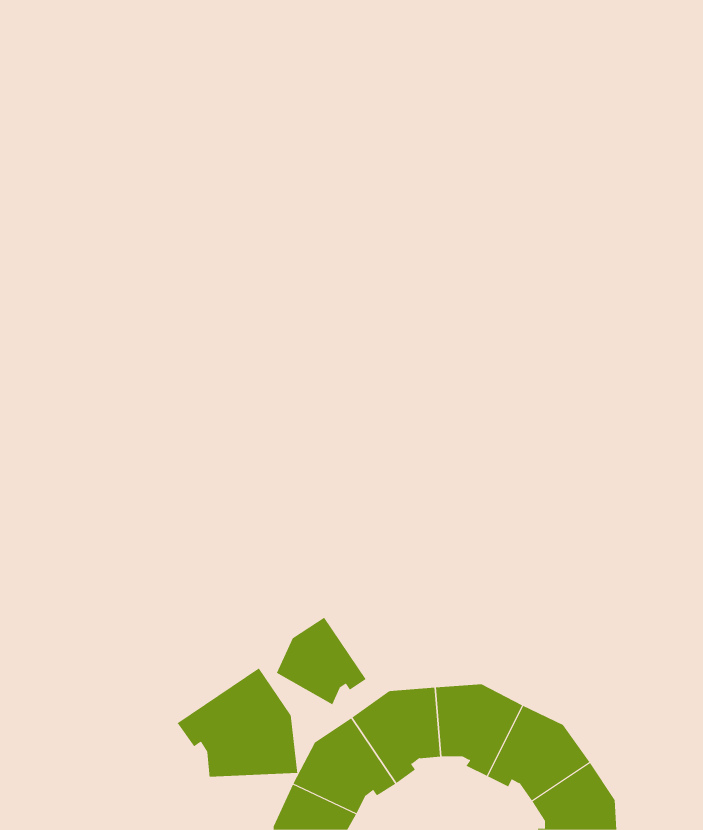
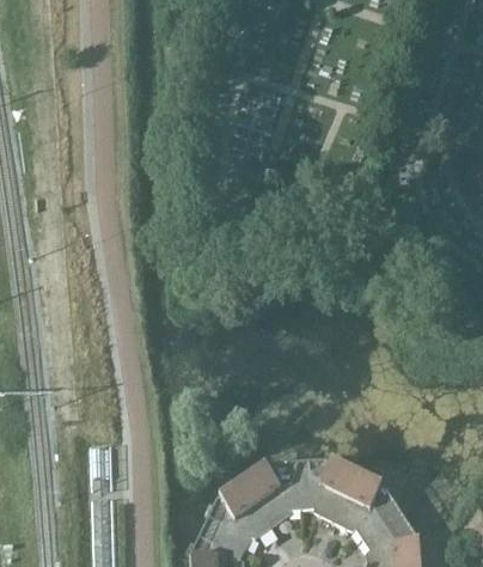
building: [276,617,366,705] -> none
building: [177,667,298,778] -> none

